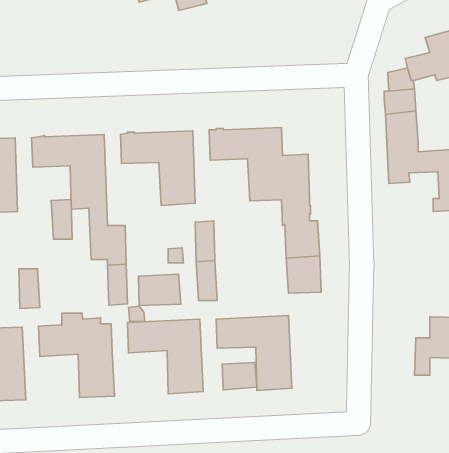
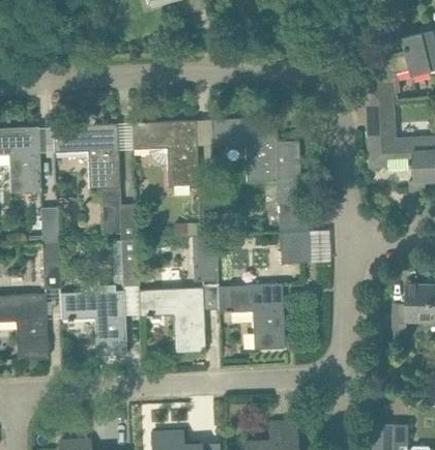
building: [51,199,72,239] -> [40,207,59,242]
building: [138,274,181,305] -> none
building: [222,363,257,390] -> none

